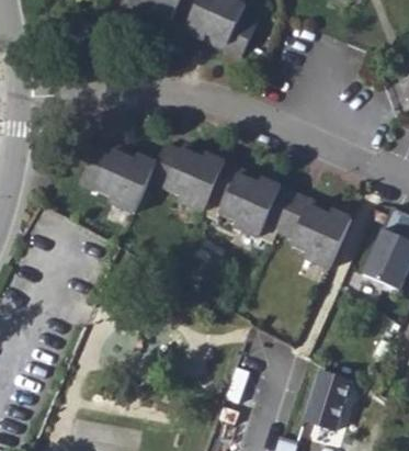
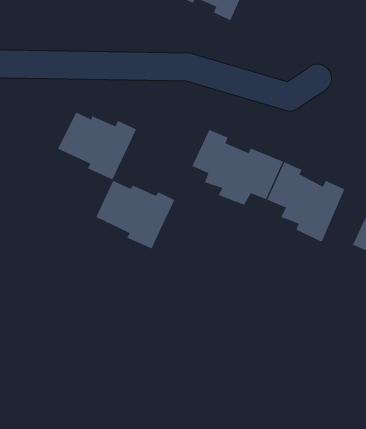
building: [148,143,224,208] -> [95,180,175,249]
building: [310,372,352,428] -> none

